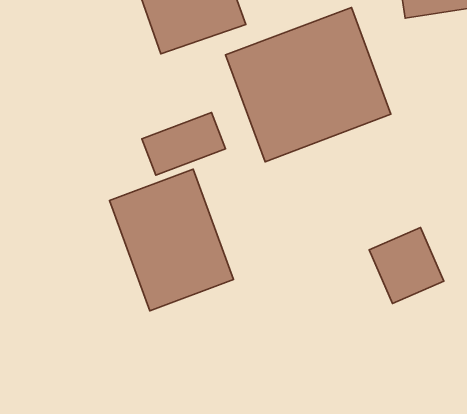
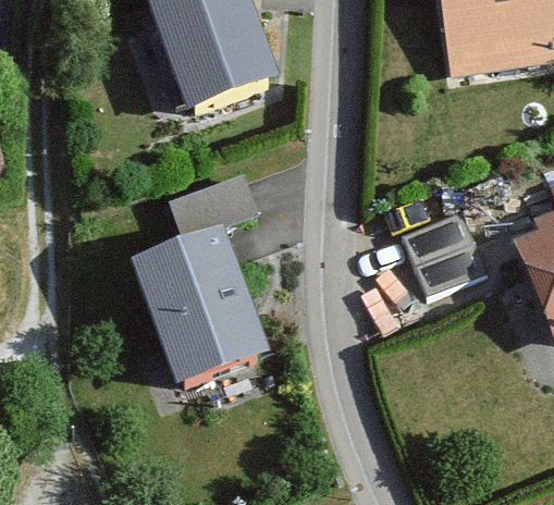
building: [226,8,391,162] -> none
building: [369,228,444,304] -> [405,208,485,290]

